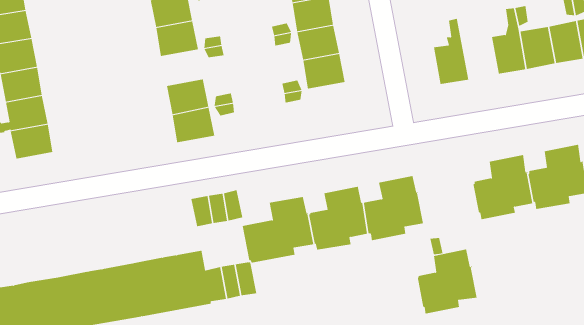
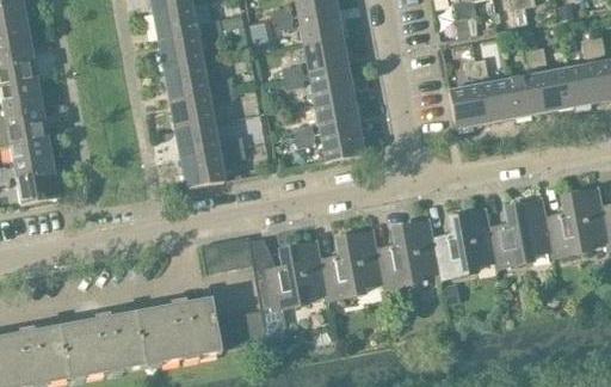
building: none -> [473,56,514,122]
building: none -> [168,91,212,128]
building: none -> [319,124,363,161]
building: [417,249,477,314] -> [432,209,494,276]

